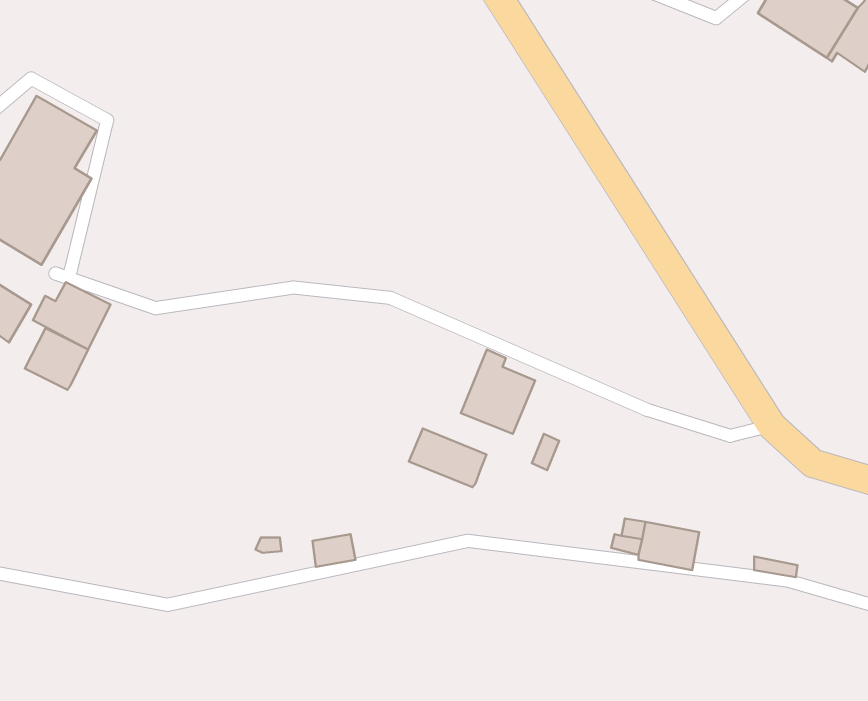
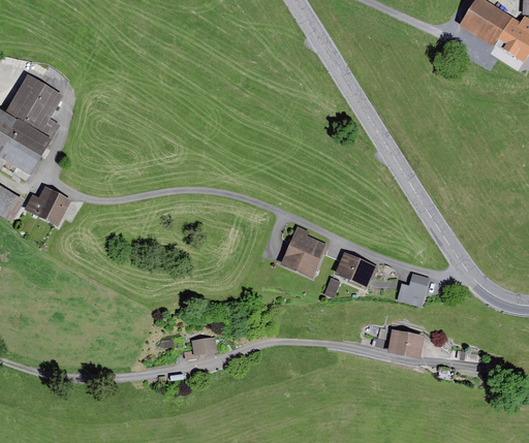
building: [25,328,88,390] -> none
building: none -> [336,253,378,286]
building: none -> [396,273,429,307]
building: [409,429,486,487] -> none

